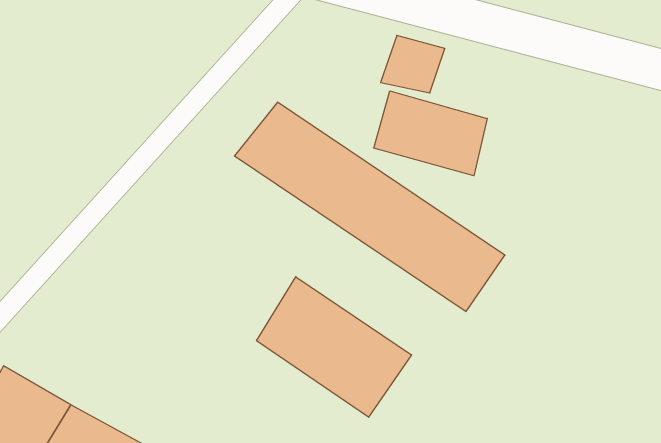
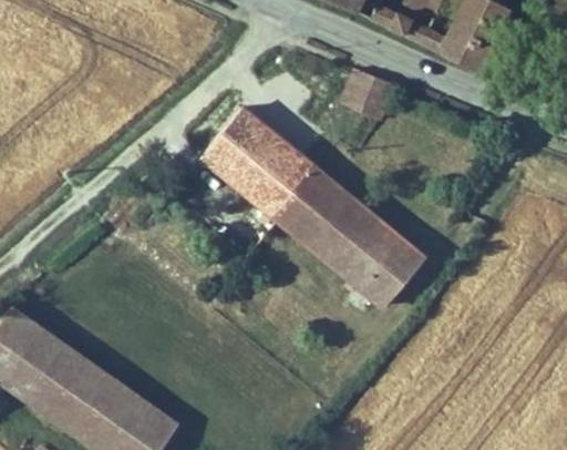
building: [374,91,487,176] -> none
building: [257,277,412,417] -> none

